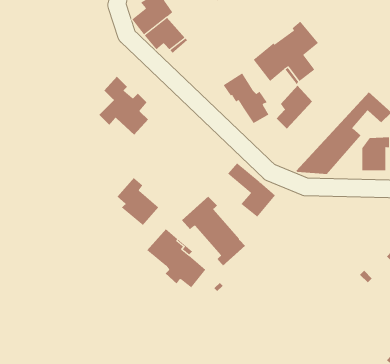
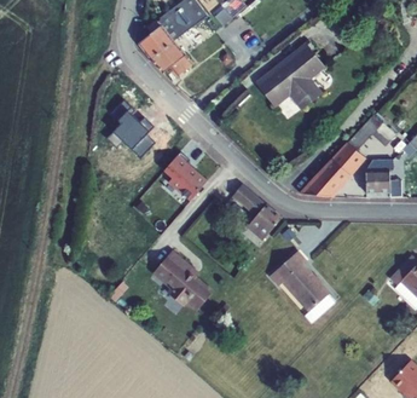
building: [223,72,269,124] -> none
building: [276,85,313,129] -> none
building: [116,177,159,226] -> [163,151,205,200]
building: [181,196,246,267] -> [270,252,334,322]

